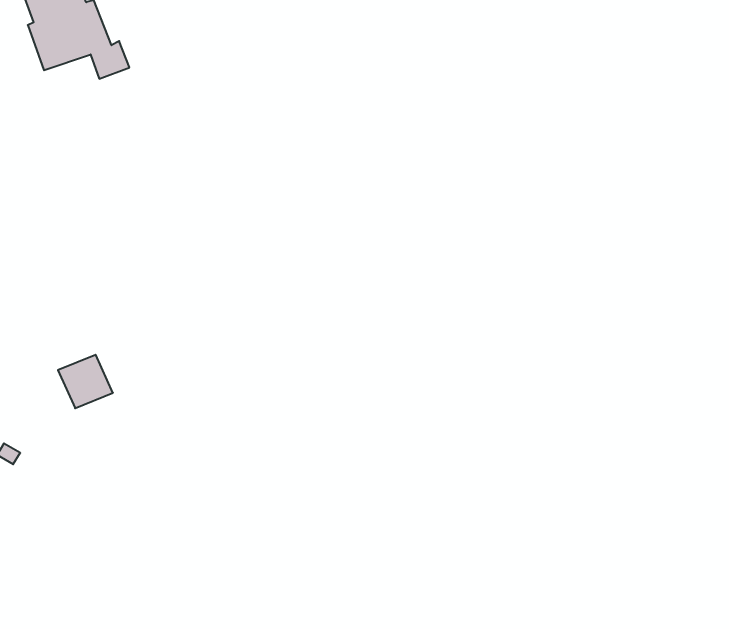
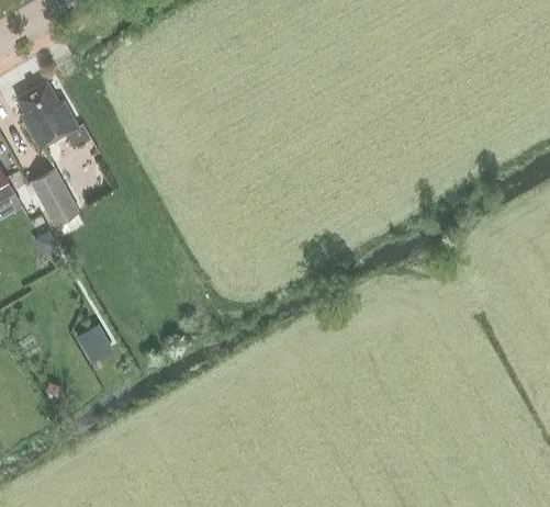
building: none -> [30,168,83,234]

